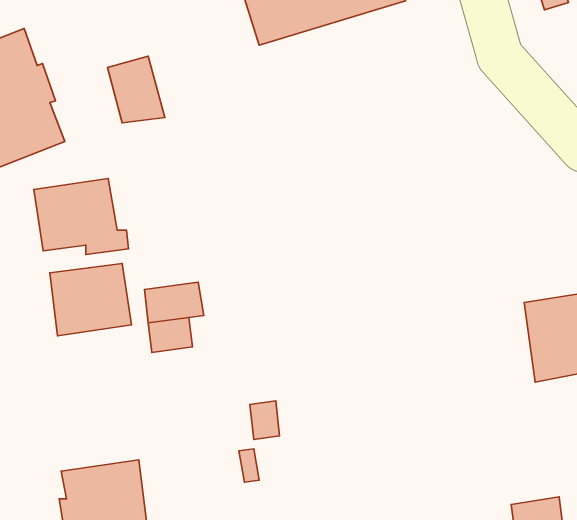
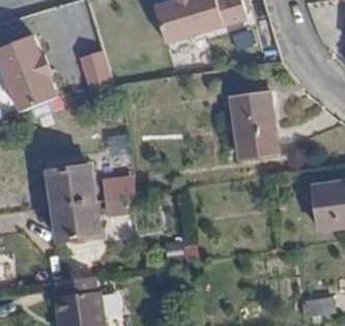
building: none -> [231,91,278,157]
building: [34,178,128,254] -> [52,199,105,241]

